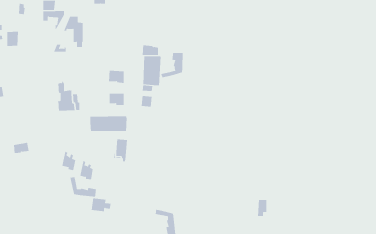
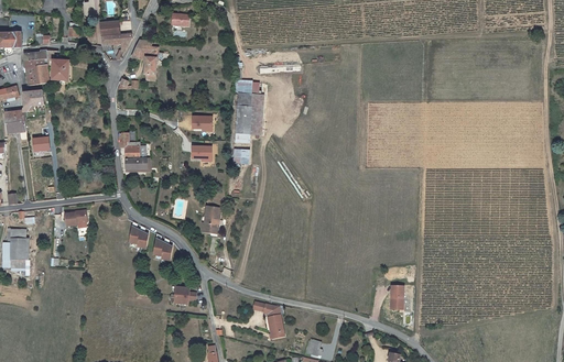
building: [161,52,183,78] -> none
building: [90,115,127,132] -> none
building: [70,177,96,198] -> none

